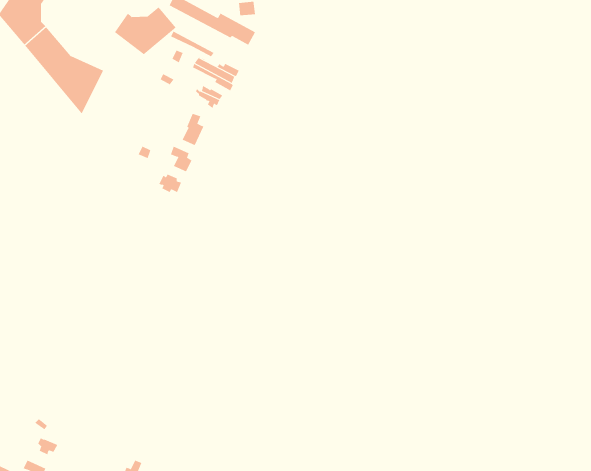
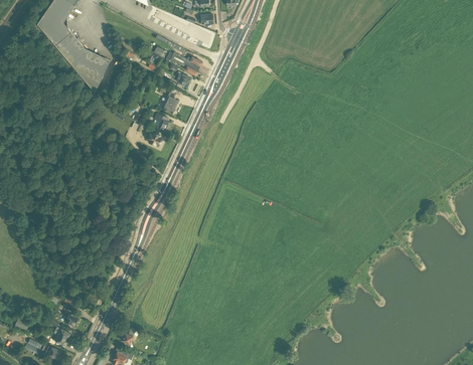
building: [114,6,177,55] -> none

